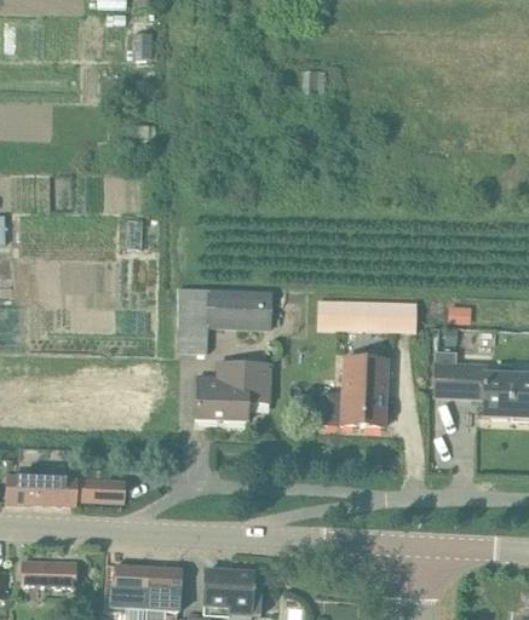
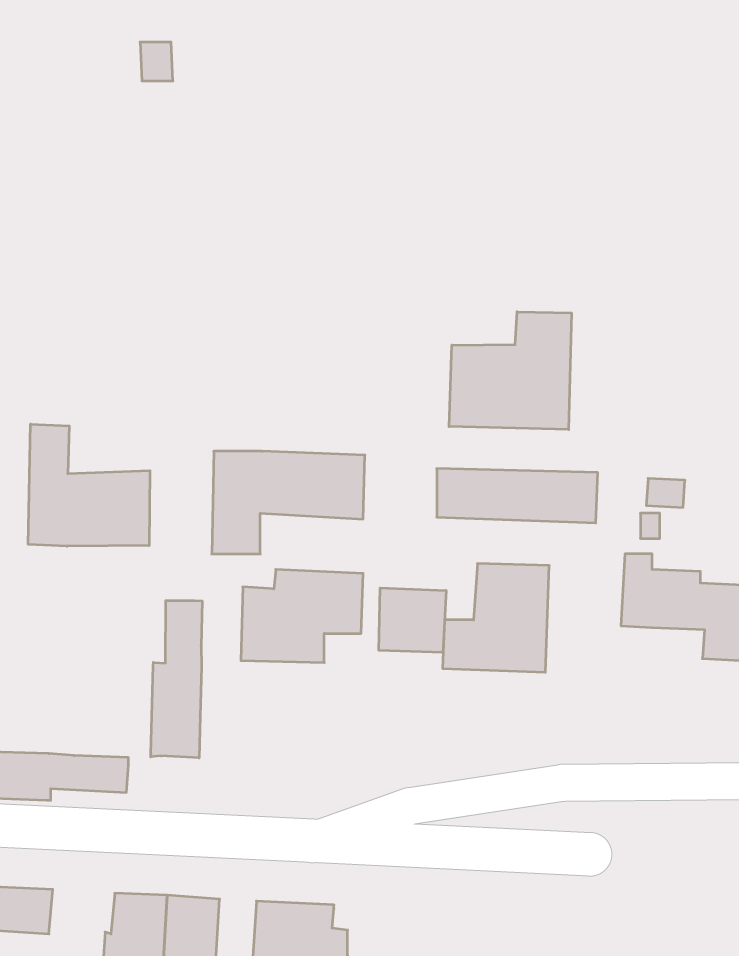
building: none -> [449,312,571,430]
building: none -> [28,424,150,546]
building: none -> [379,588,446,653]
building: none -> [151,601,202,758]

